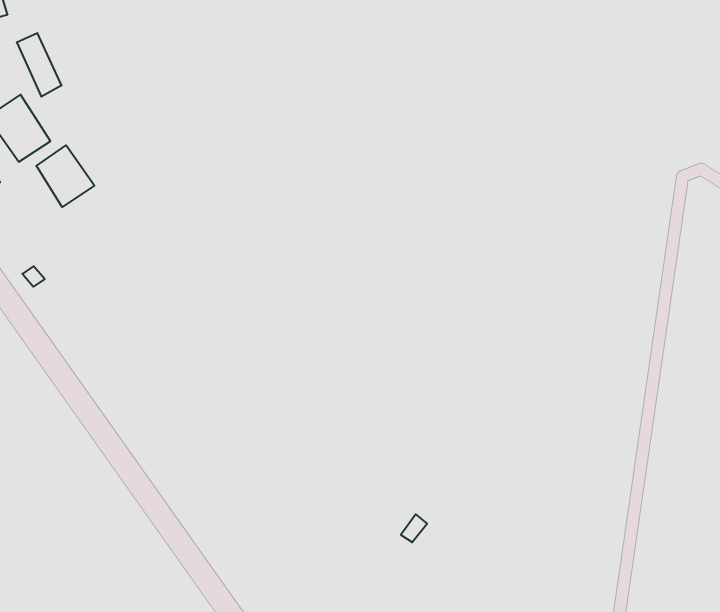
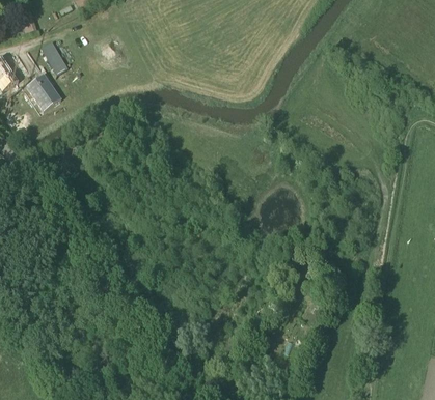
building: [36,145,94,207] -> none

